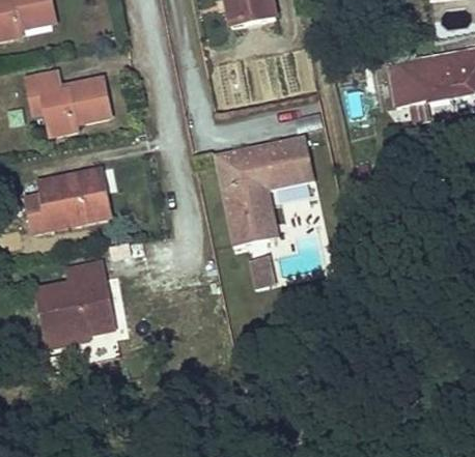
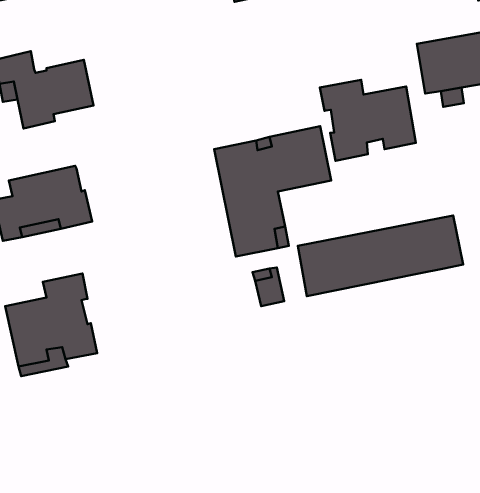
building: none -> [320,80,416,161]
building: none -> [298,215,463,296]

